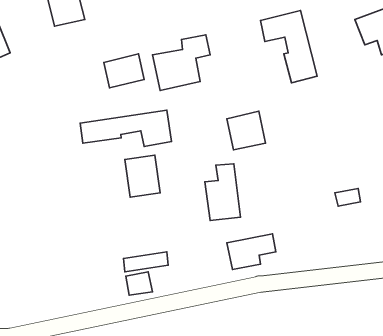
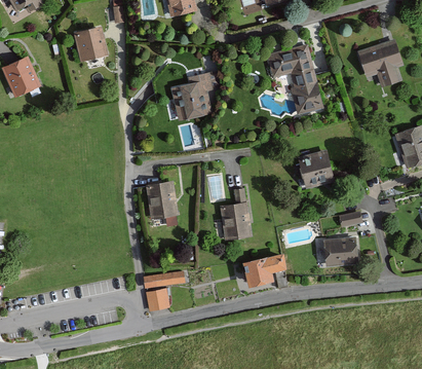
building: [104,54,144,88] -> none
building: [80,110,172,146] -> none
building: [227,111,266,150] -> [298,152,334,188]
building: none -> [320,238,357,265]

